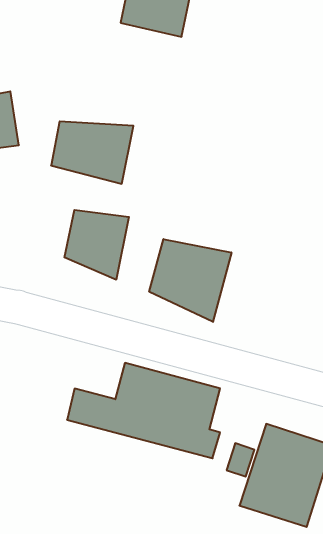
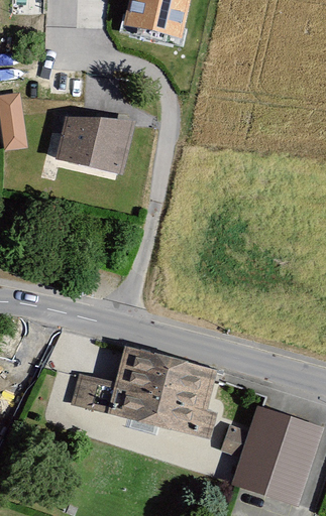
building: [64,210,129,280] -> none
building: [149,239,231,322] -> none

